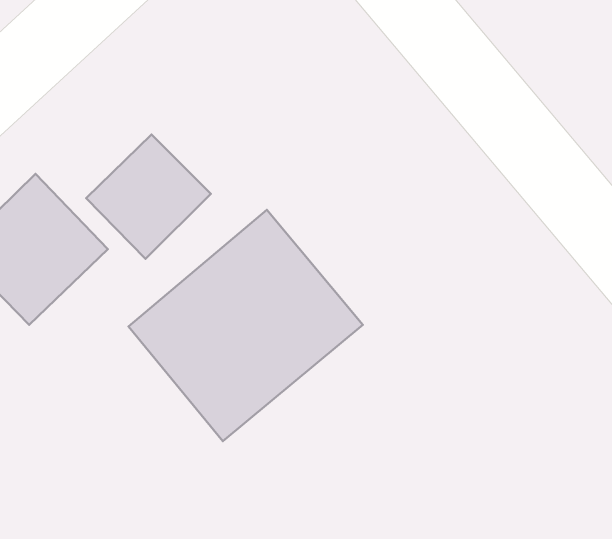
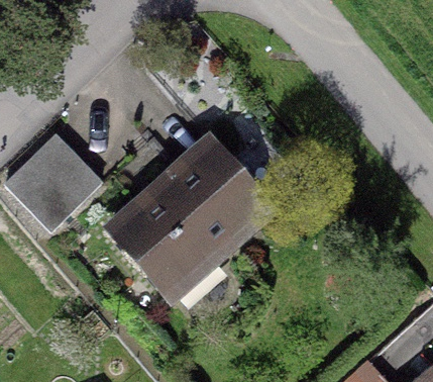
building: [86,134,211,259] -> none

